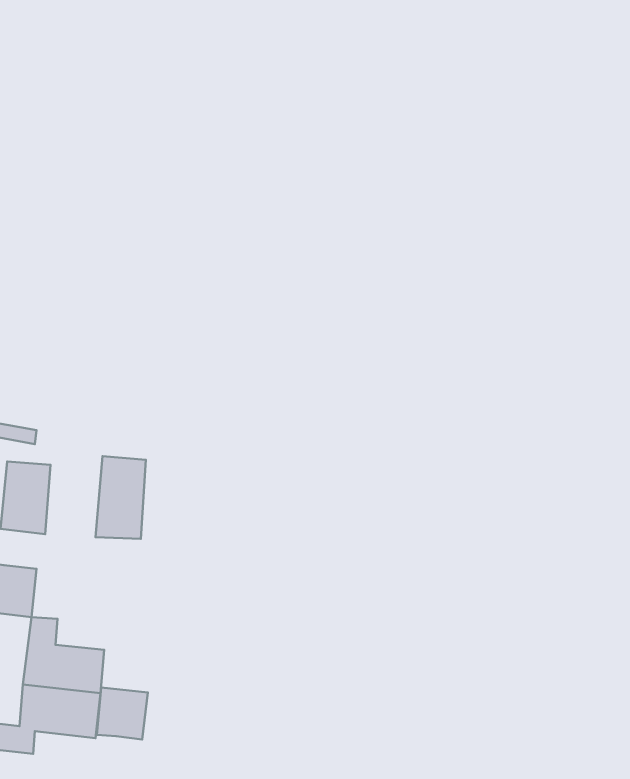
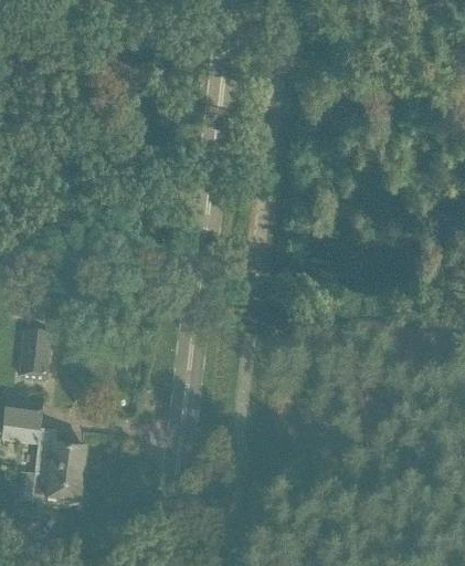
building: [96,456,146,539] -> none
building: [97,687,148,740] -> none

